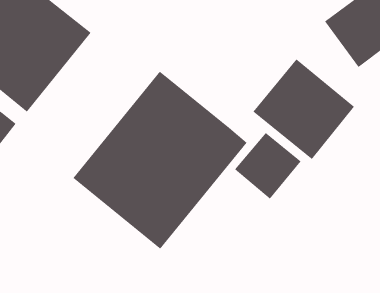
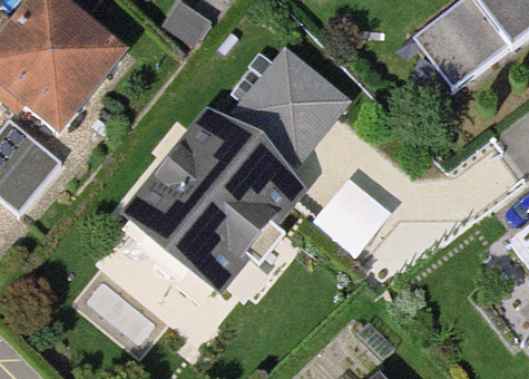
building: [253,59,355,160] -> [228,43,349,163]

